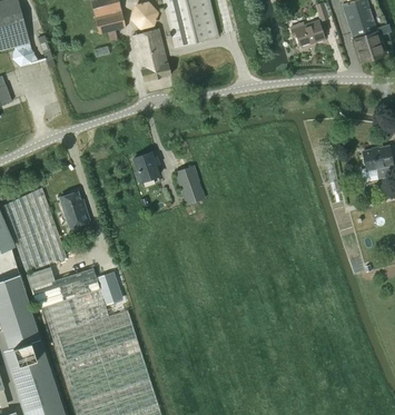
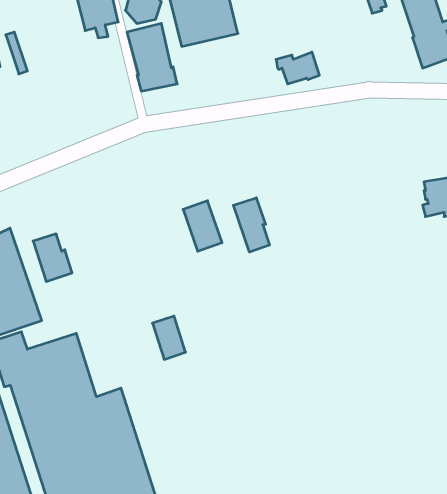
building: [290,21,324,46] -> [276,52,319,84]
building: [134,152,159,181] -> none
building: none -> [233,198,270,252]
building: [97,271,122,305] -> [152,316,186,359]

